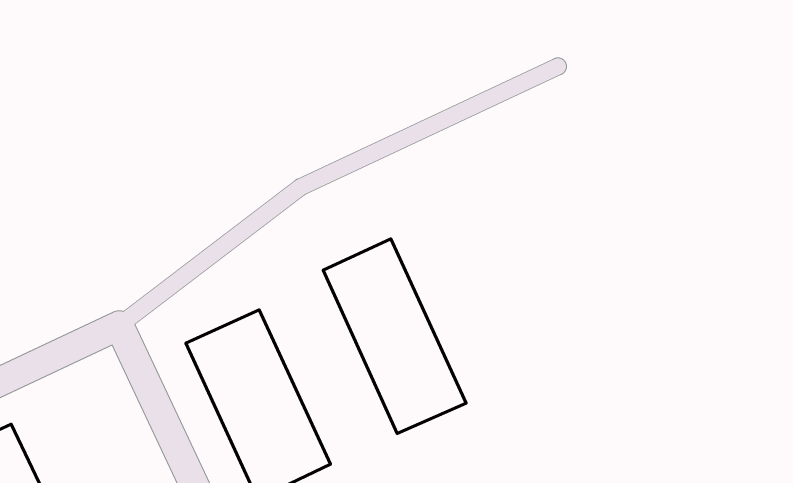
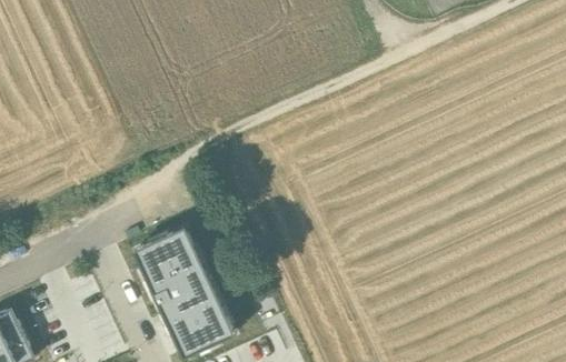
building: [323,239,466,433] -> none

